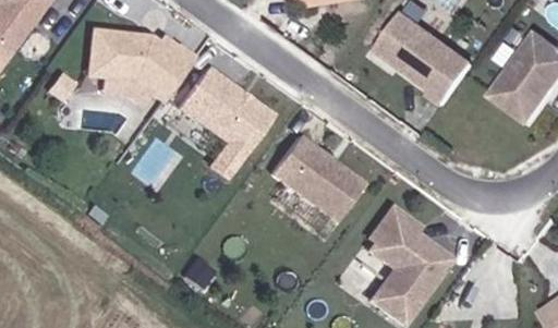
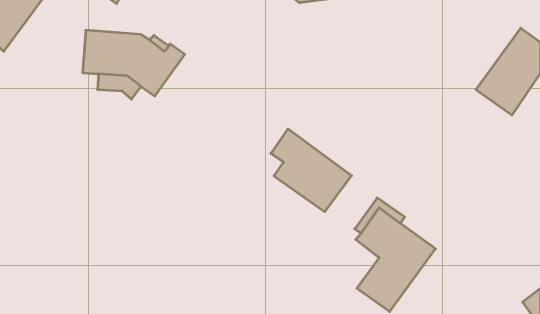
building: [376,13,472,104] -> none
building: [177,69,271,156] -> none

